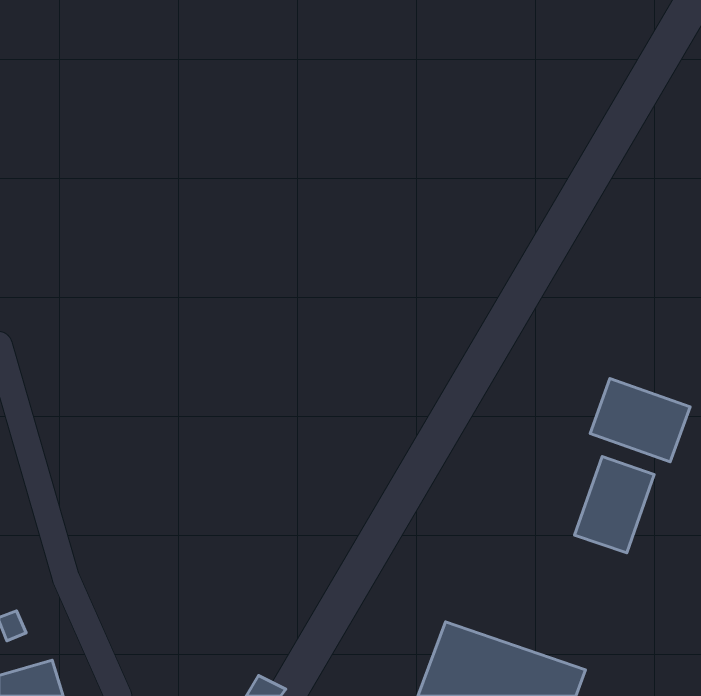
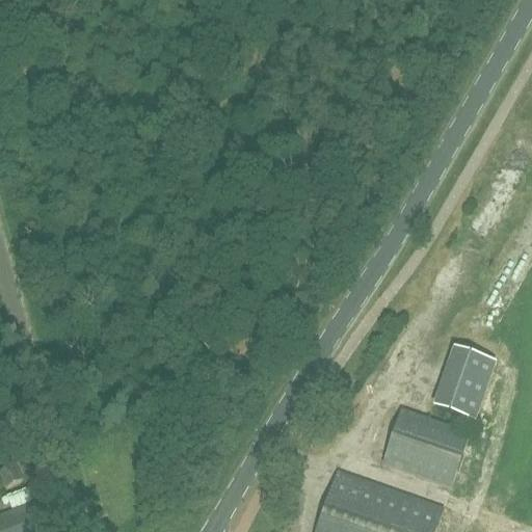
building: [590,379,690,462] -> none
building: none -> [382,407,469,484]

